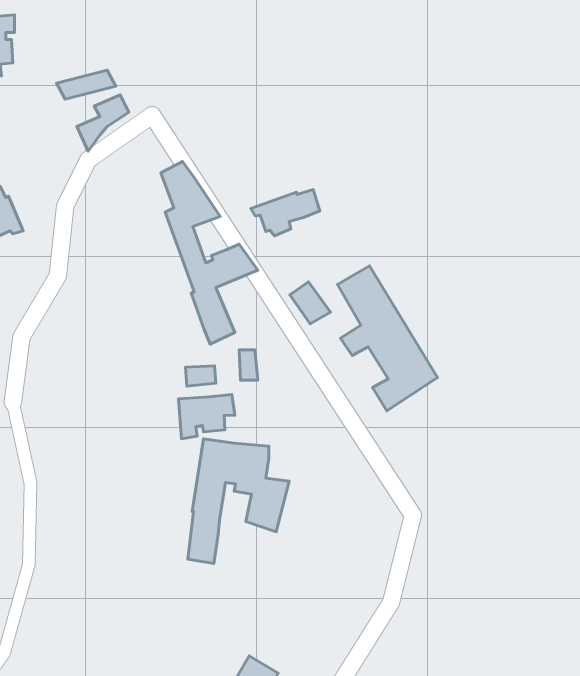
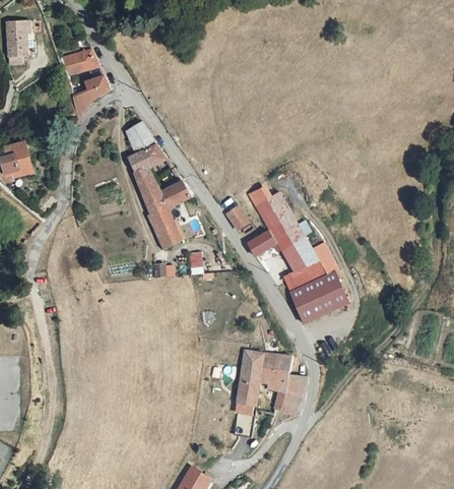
building: [251,190,320,236] -> none
building: none -> [288,266,350,324]
building: [178,395,235,439] -> none
building: [188,439,289,564] -> [235,351,306,438]

